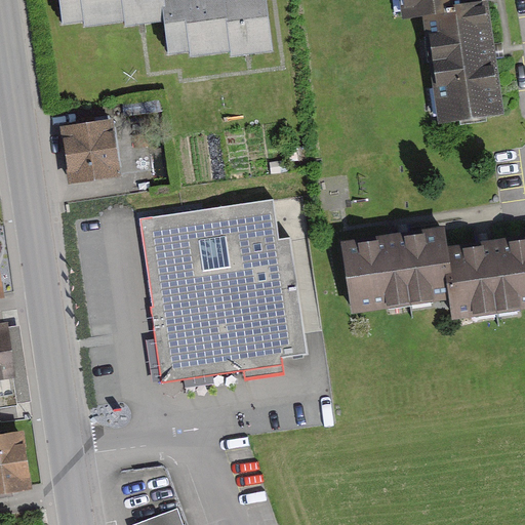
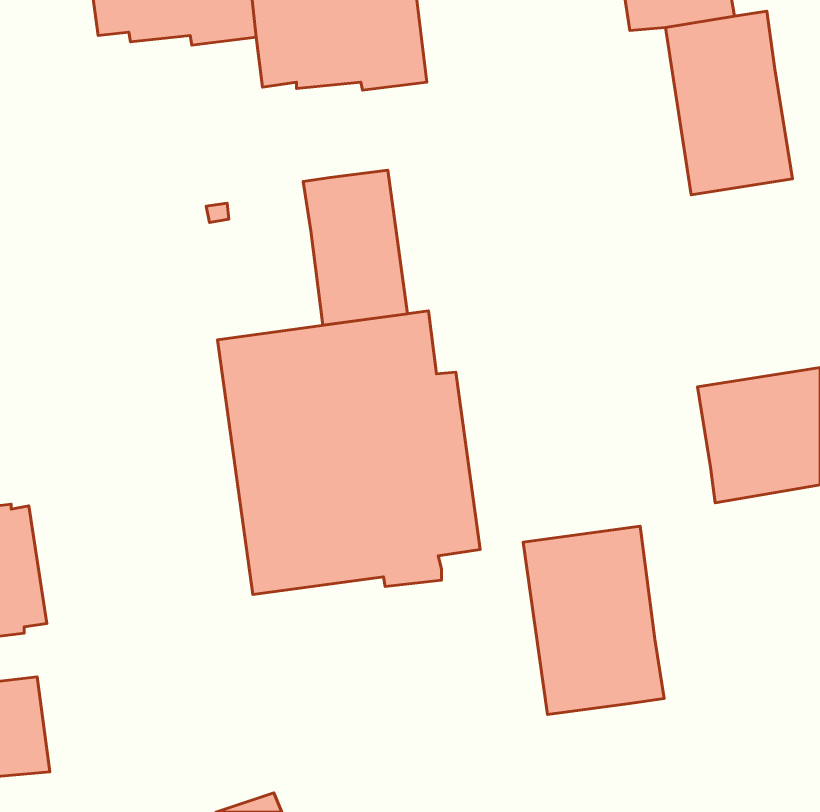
building: none -> [303,170,408,325]
building: [58,119,119,181] -> none
building: [338,225,452,312] -> none
building: none -> [523,526,664,714]

